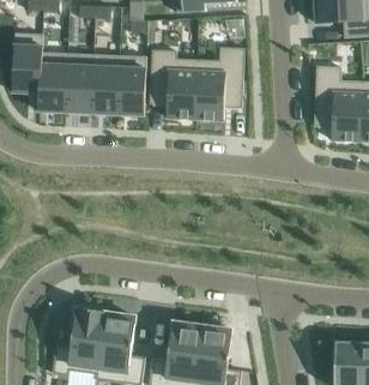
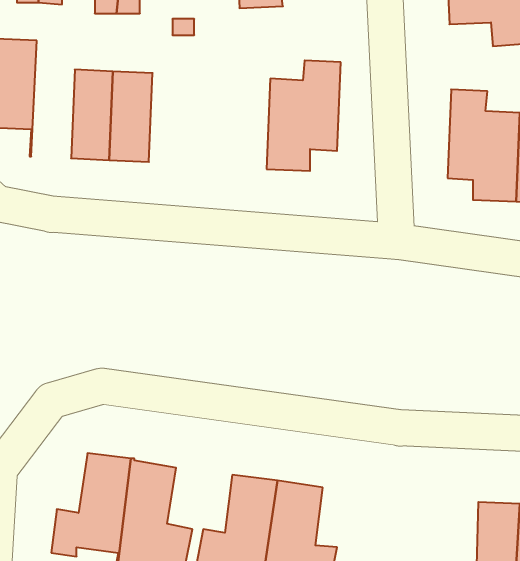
building: [38,35,67,113] -> none
building: [149,50,196,120] -> none
building: [116,56,145,116] -> none

